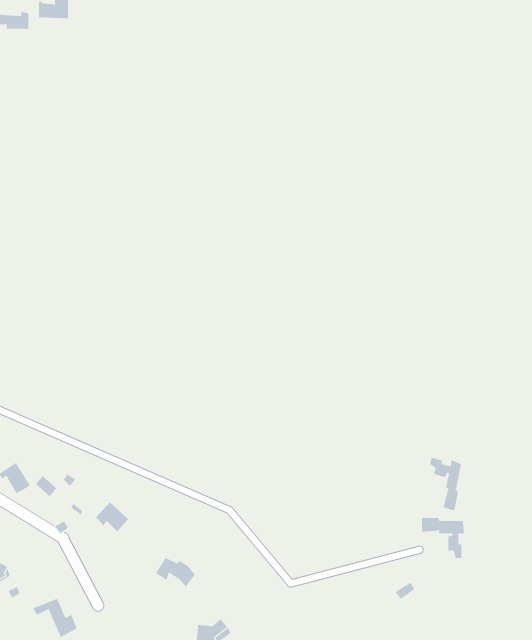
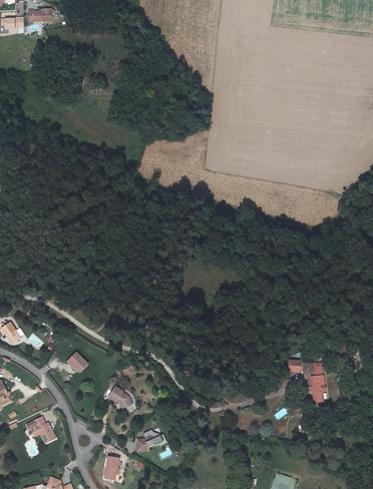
building: [429,457,462,511] -> none

